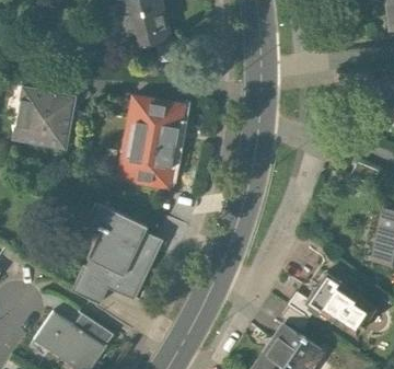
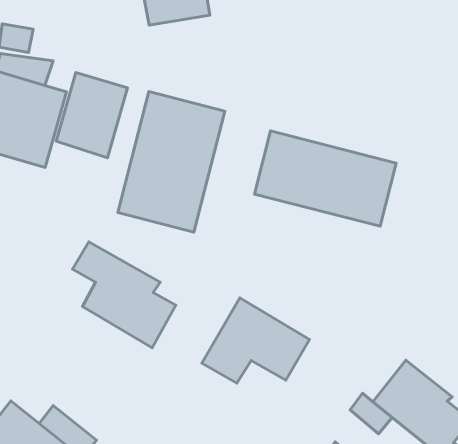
building: none -> [56,73,128,158]
building: none -> [255,131,396,226]
building: [74,245,148,304] -> [202,298,310,383]

